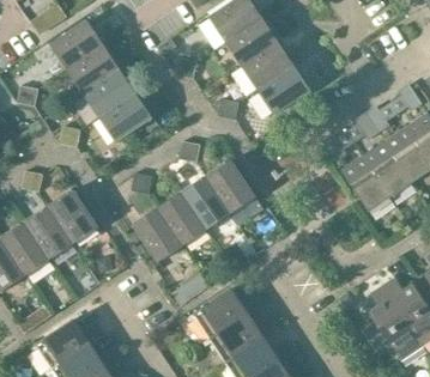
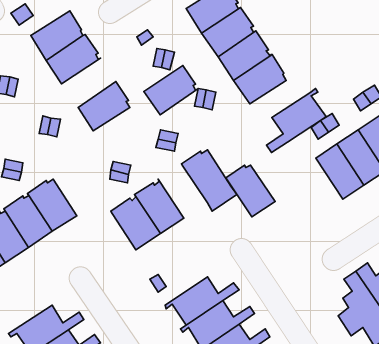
building: [81,67,137,117] -> [144,65,198,115]
building: none -> [267,89,326,152]
building: [180,177,230,230] -> [226,165,275,217]

